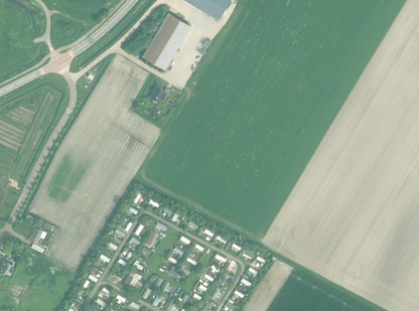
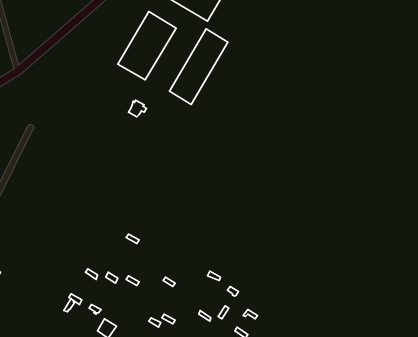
building: none -> [169,29,228,104]

